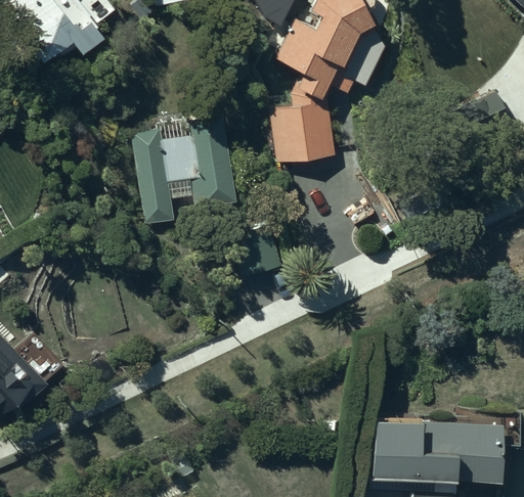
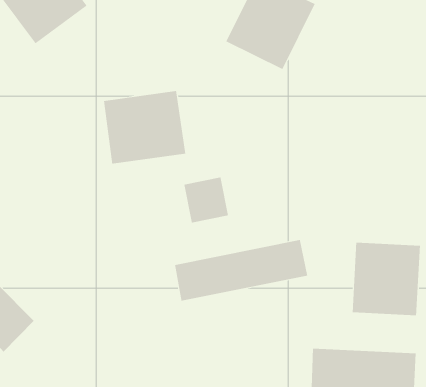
building: [269,94,337,159] -> none
building: none -> [175,239,308,301]
building: none -> [352,242,421,316]

